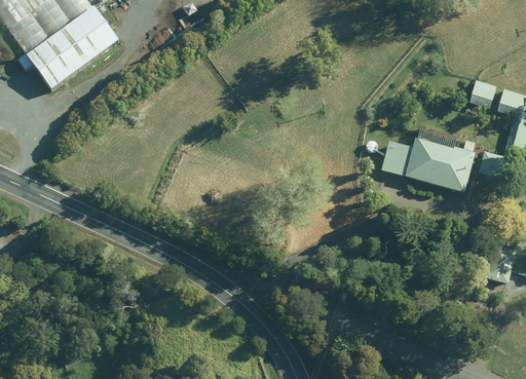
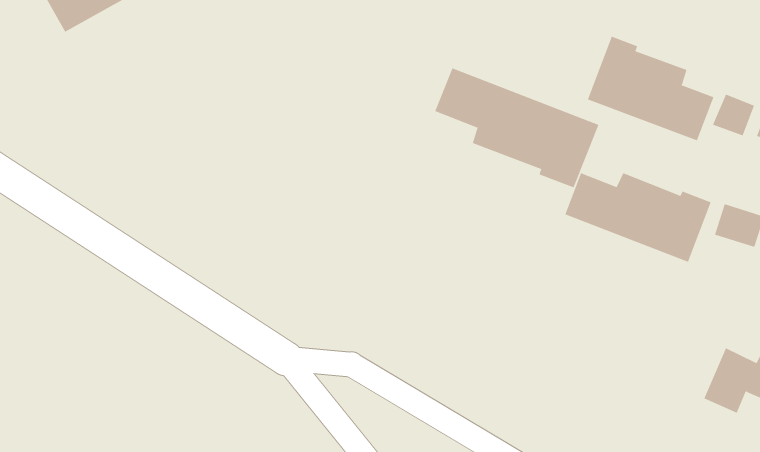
building: none -> [587,36,714,141]
building: none -> [435,67,599,188]

